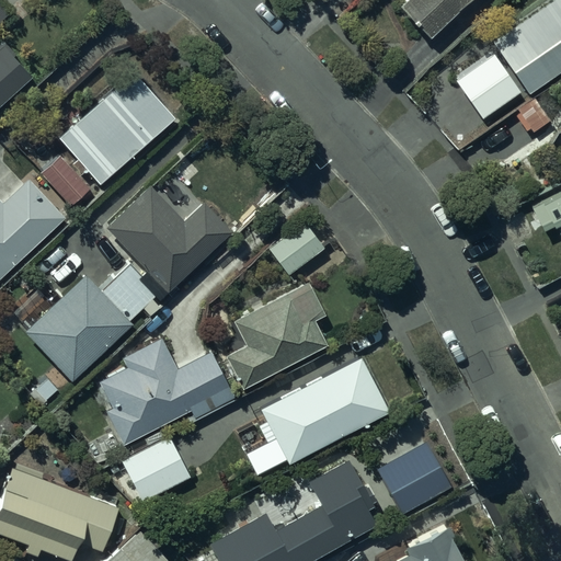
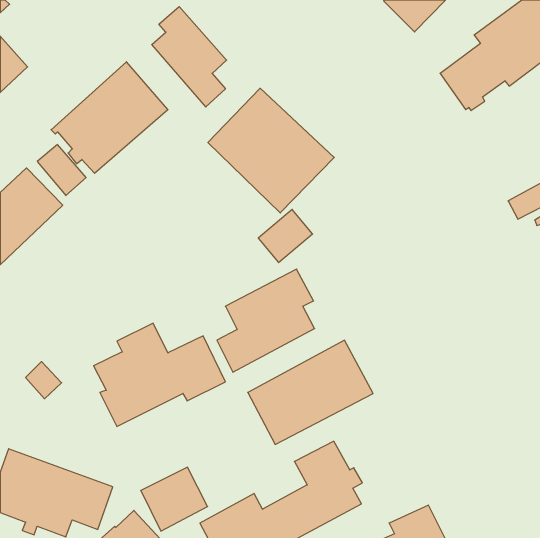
building: none -> [152,7,227,107]
building: none -> [208,88,334,213]
building: [25,184,234,381] -> none
building: [123,437,192,503] -> [141,467,208,531]
building: [376,442,449,513] -> none

